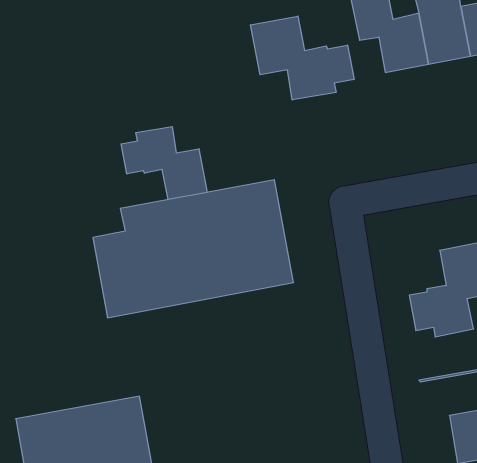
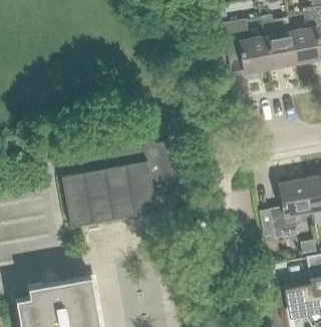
building: [251,16,354,100] -> none
building: [121,127,207,200] -> none

